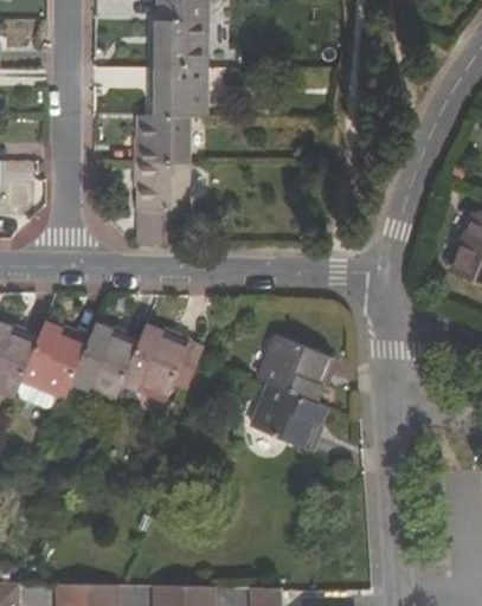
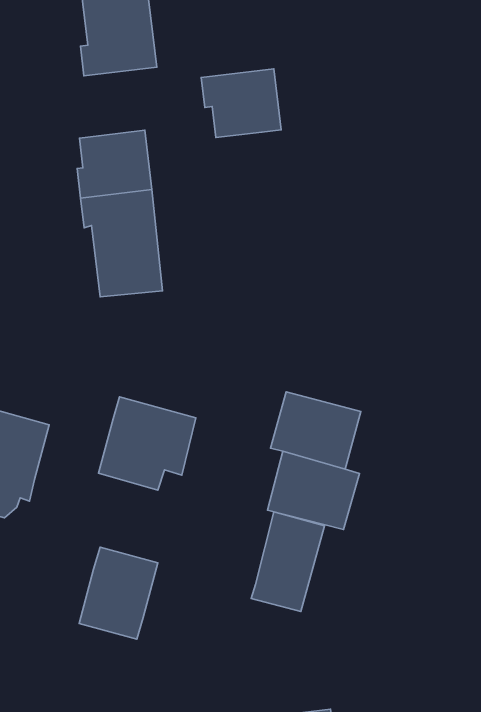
building: [147,67,205,116] -> [201,69,281,138]
building: [70,322,137,398] -> [79,547,158,639]
building: none -> [251,512,324,611]

